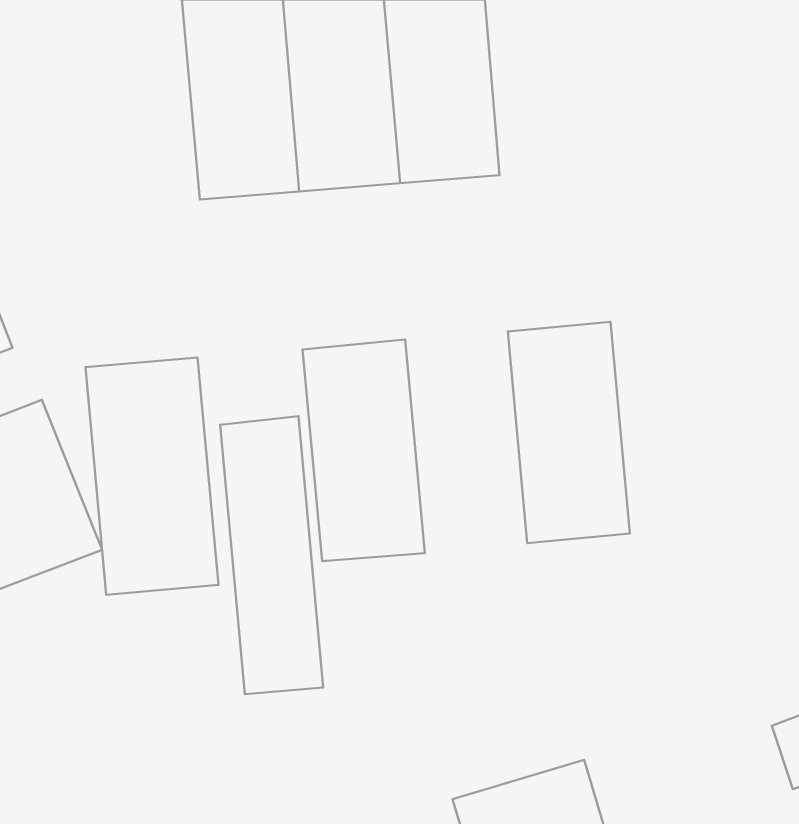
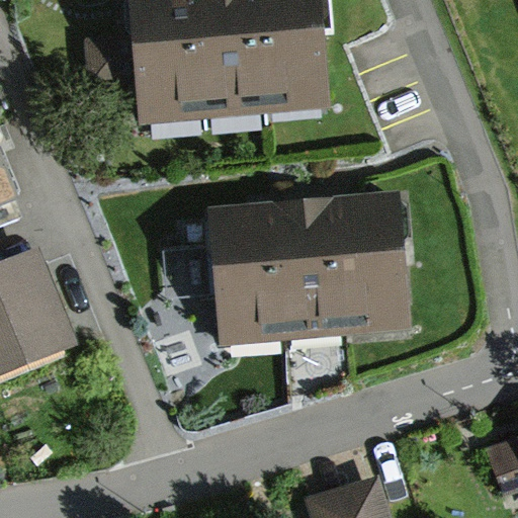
building: none -> [268,206,344,344]
building: [85,357,218,595] -> none
building: [220,416,323,694] -> none

